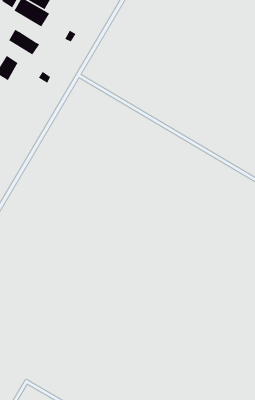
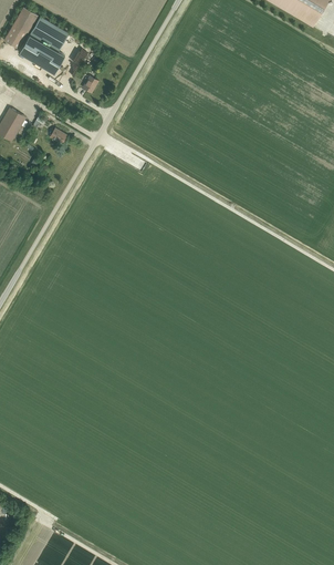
building: [8,29,40,56] -> none

